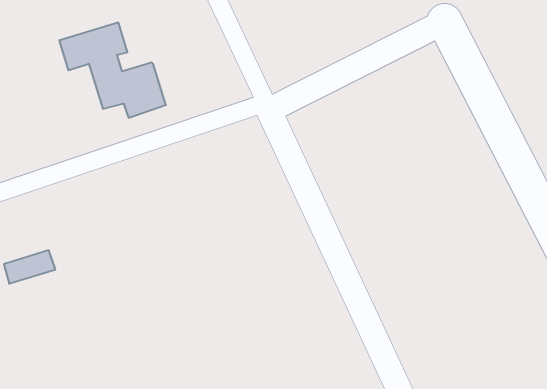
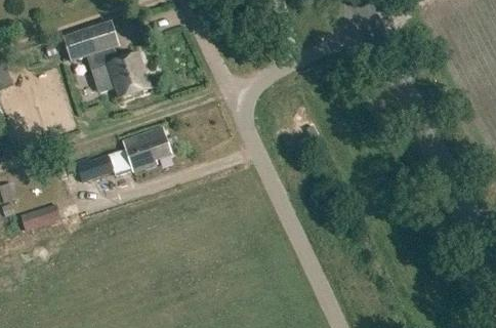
building: none -> [75,126,170,181]

